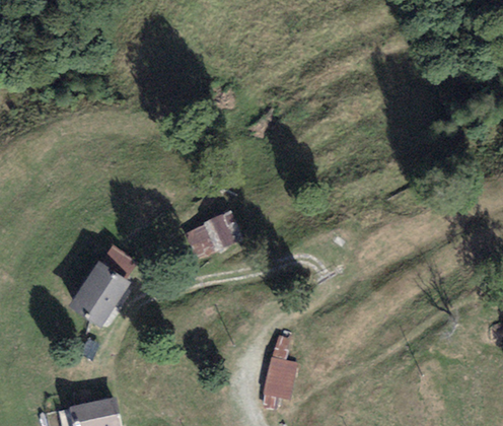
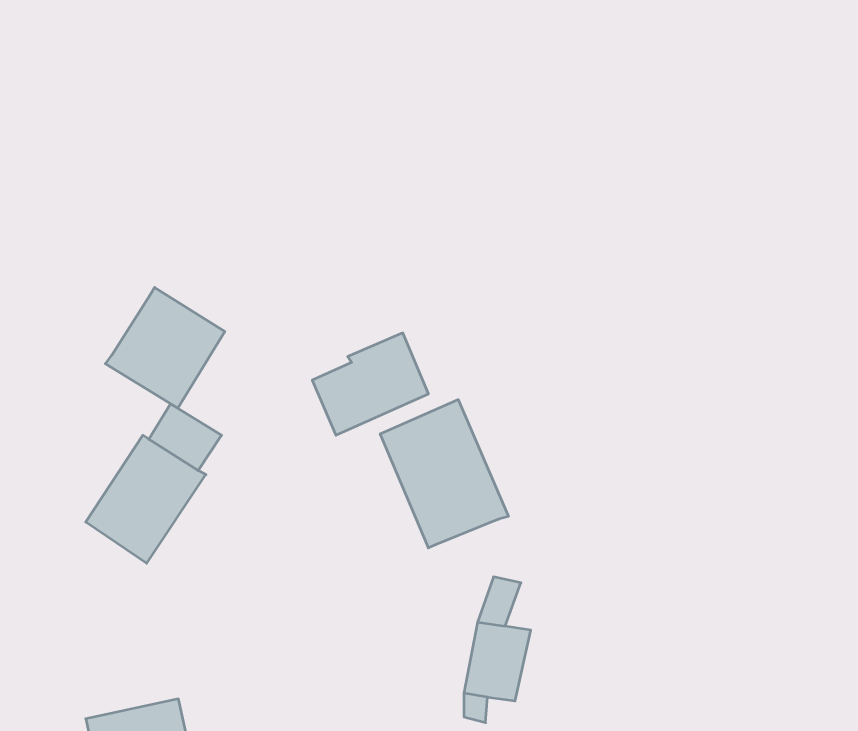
building: none -> [105,287,225,408]
building: none -> [380,400,508,548]

